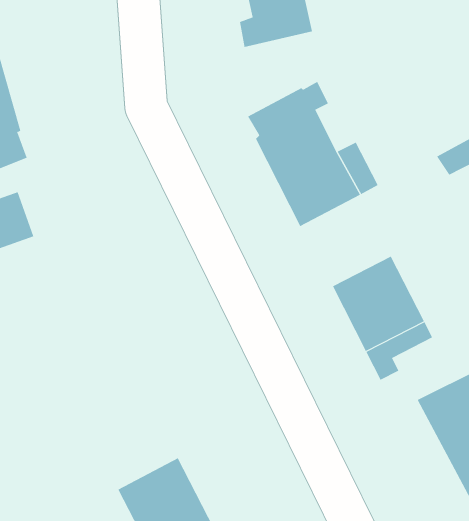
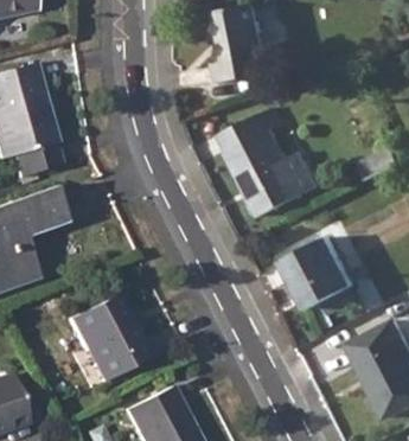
building: none -> [70,293,155,381]

